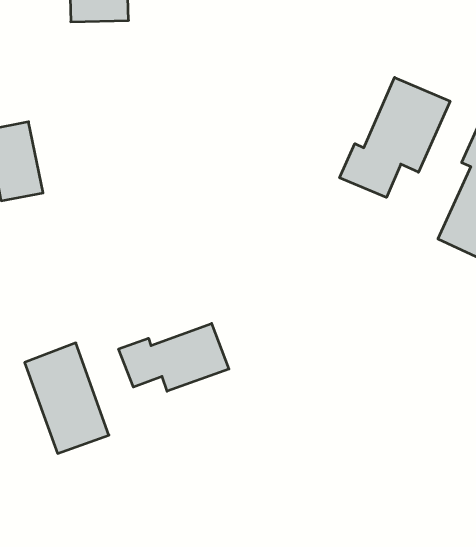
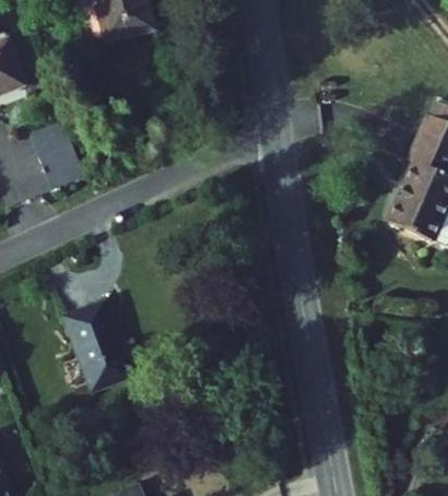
building: [340,77,450,197] -> none
building: [119,323,229,391] -> none

